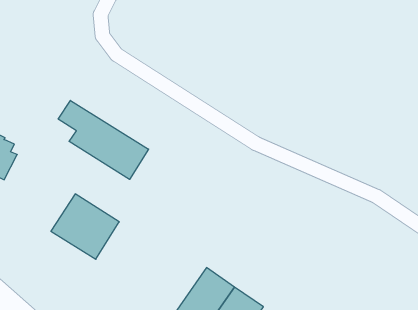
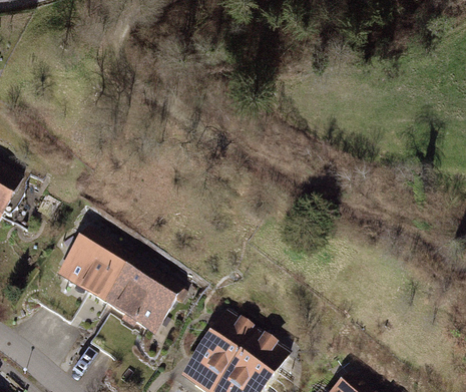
building: [58,100,149,179] -> none
building: none -> [106,262,184,332]

